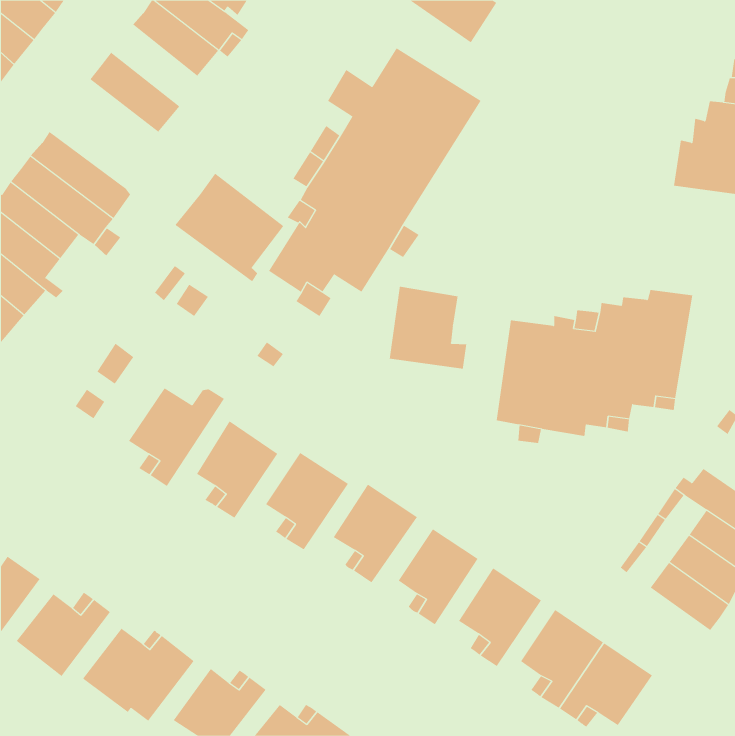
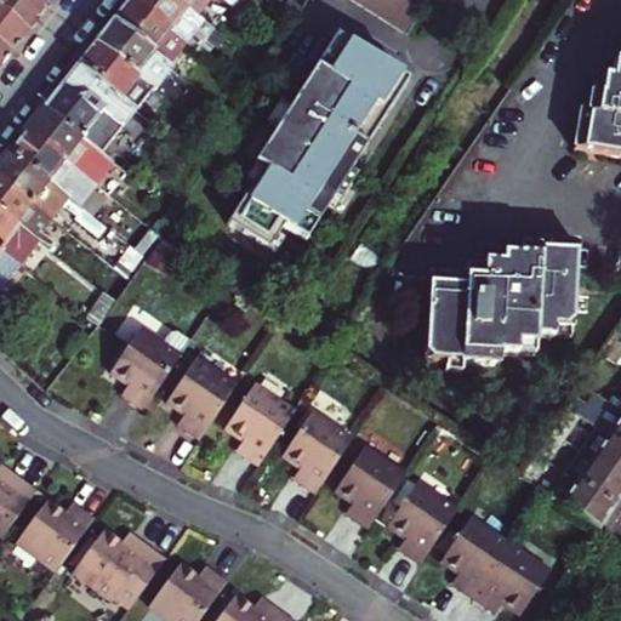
building: none -> [95,21,171,90]
building: [175,173,284,282] -> [42,67,135,159]
building: [389,286,467,370] -> none

